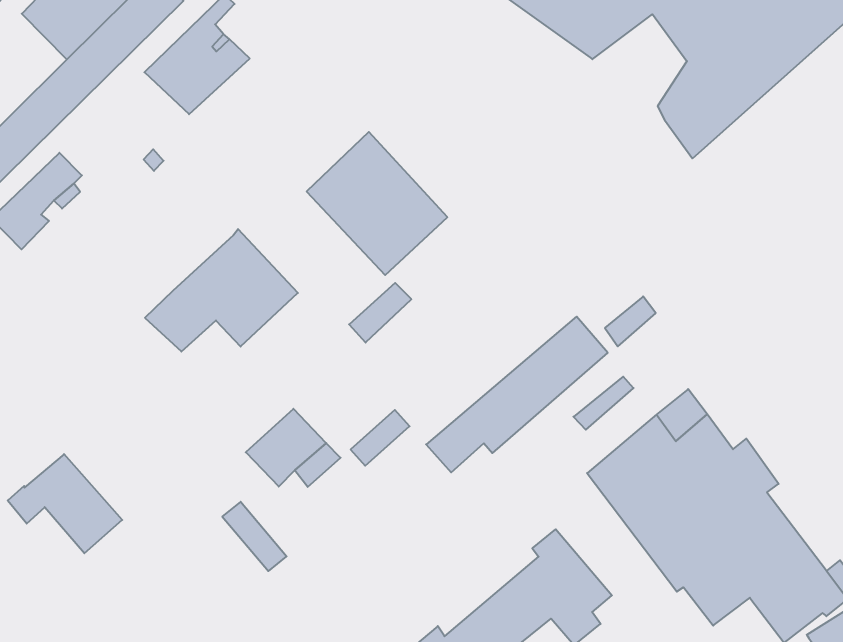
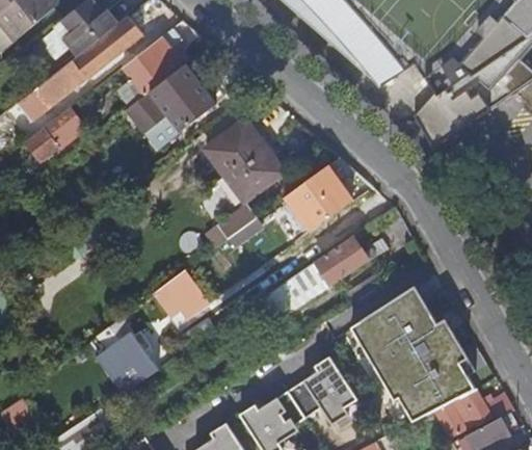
building: none -> [287,156,356,231]
building: [145,229,298,352] -> [127,63,216,131]
building: [8,454,122,553] -> [88,320,153,378]

